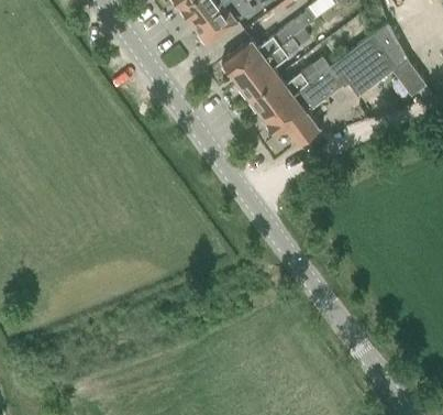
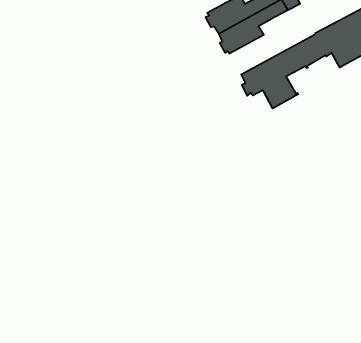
building: [247,58,329,118] -> none

